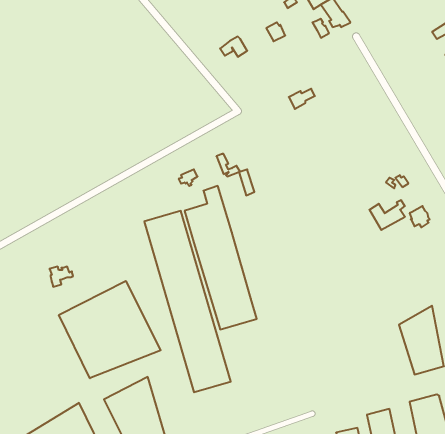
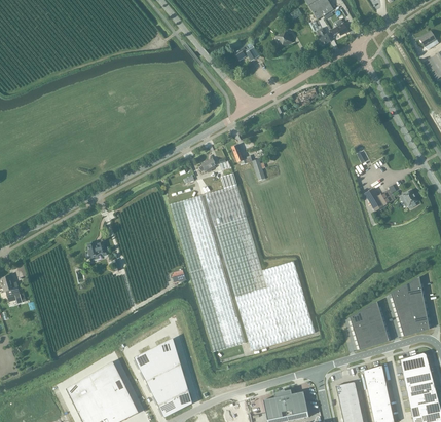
building: [59,281,161,378] -> none
building: none -> [235,261,315,350]
building: none -> [350,301,389,349]

